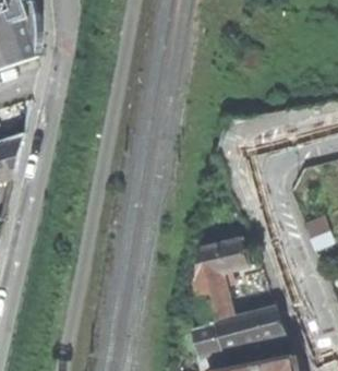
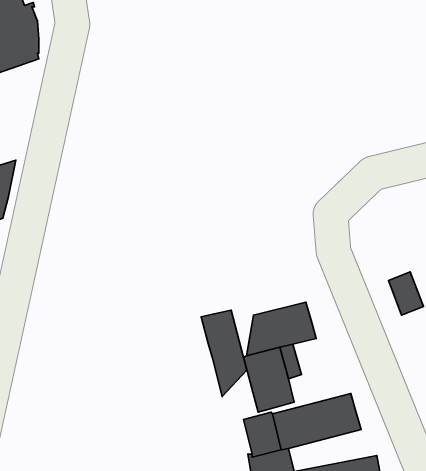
building: none -> [201,310,247,397]

